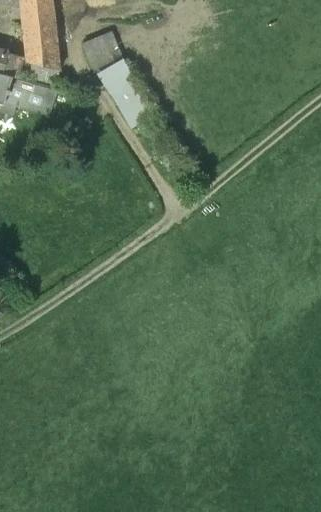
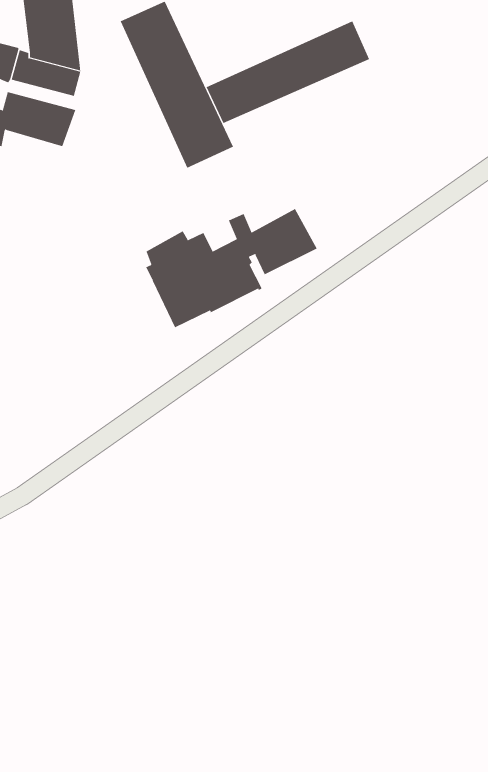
building: none -> [206,20,370,124]
building: none -> [146,208,318,328]

